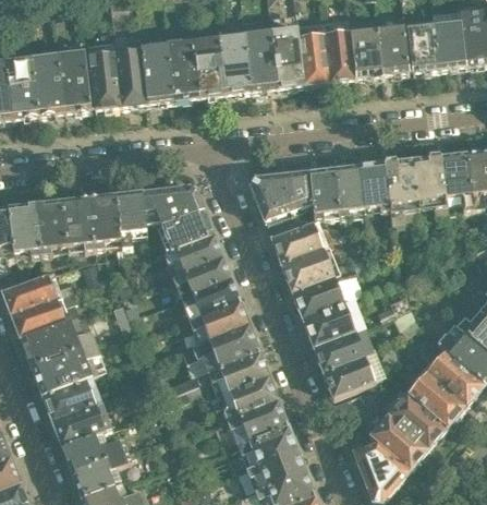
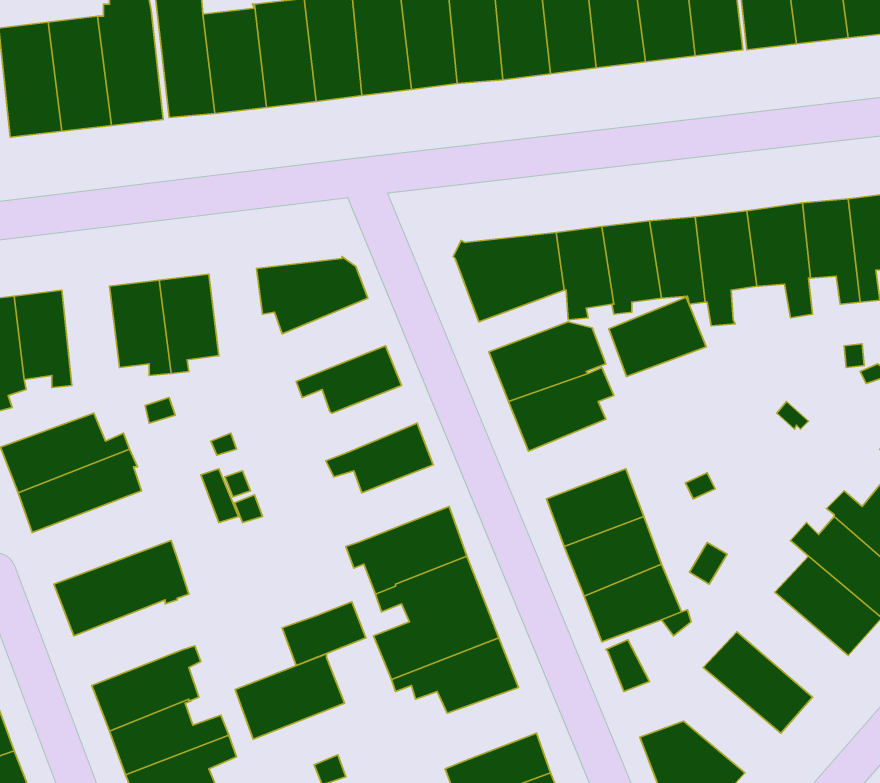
building: [115,191,146,247] -> none
building: [35,201,66,255] -> none
building: [156,207,212,253] -> none
building: [171,255,230,292] -> none
building: [291,274,344,317] -> [609,297,706,377]
building: [188,299,247,341] -> none
building: [19,312,95,364] -> none
building: [405,369,466,426] -> none
building: [41,373,101,420] -> [235,654,344,739]
building: [368,410,429,468] -> none
building: [236,421,295,461] -> none

